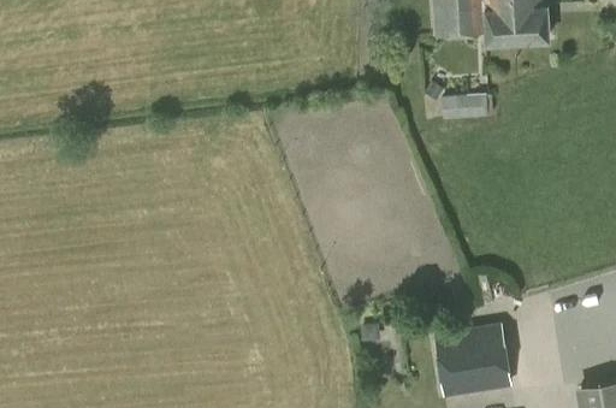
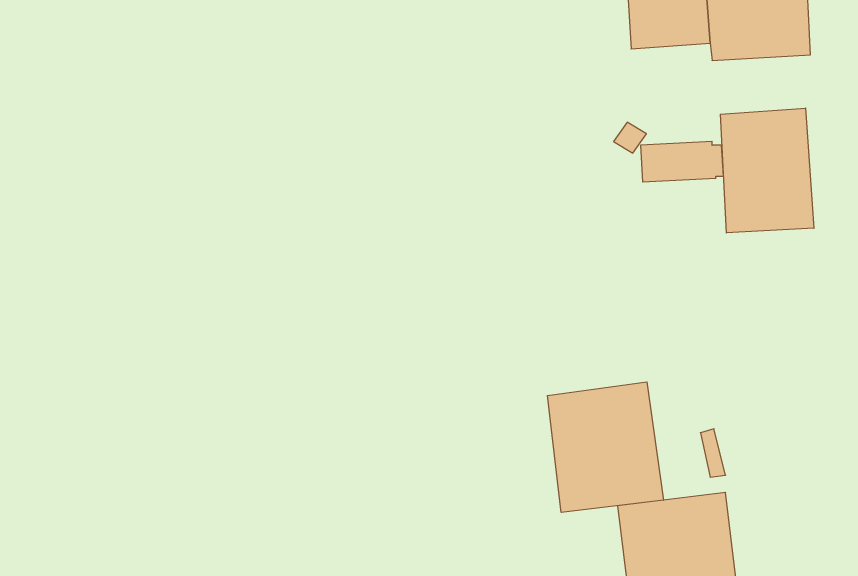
building: none -> [720,108,814,233]
building: none -> [547,382,663,512]

